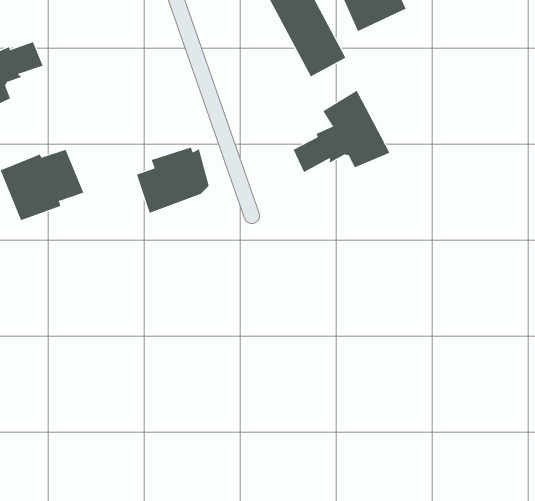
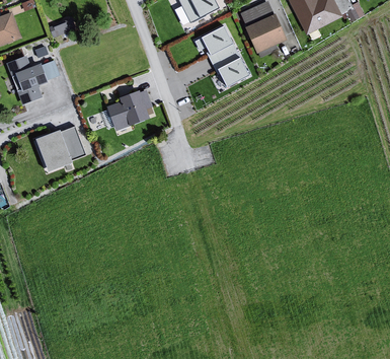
building: [293,90,390,173] -> none
building: [136,147,209,214] -> [106,90,152,132]

